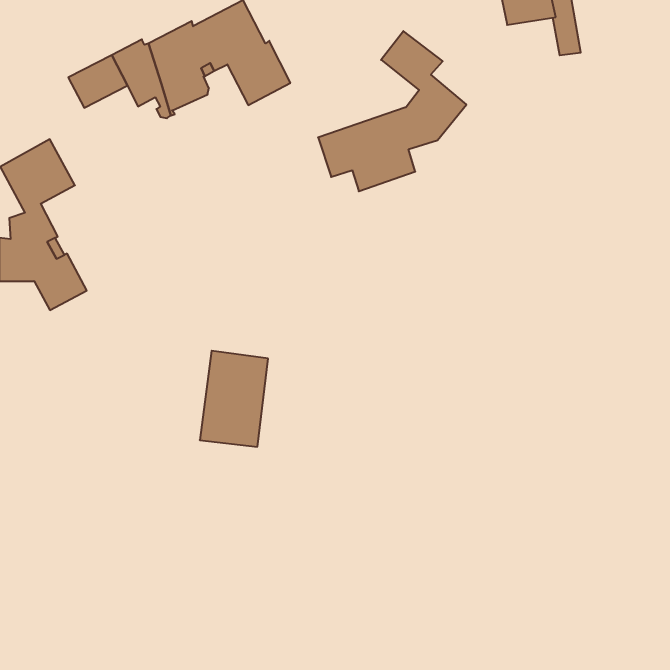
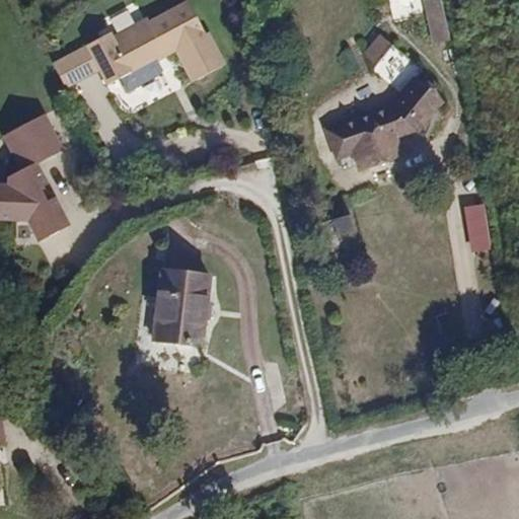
building: [318,31,466,191] -> [326,45,441,168]
building: none -> [464,204,492,253]

